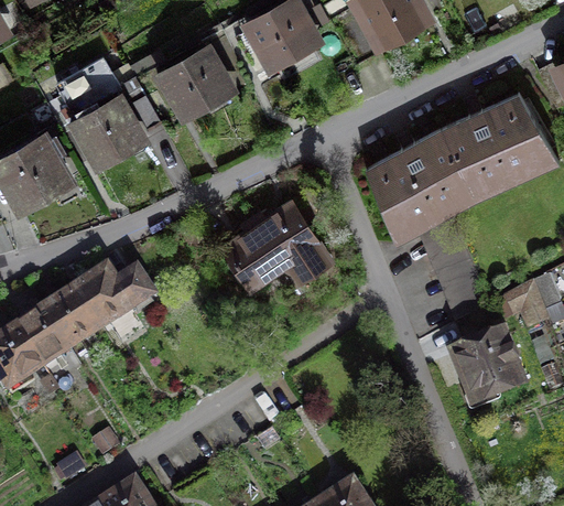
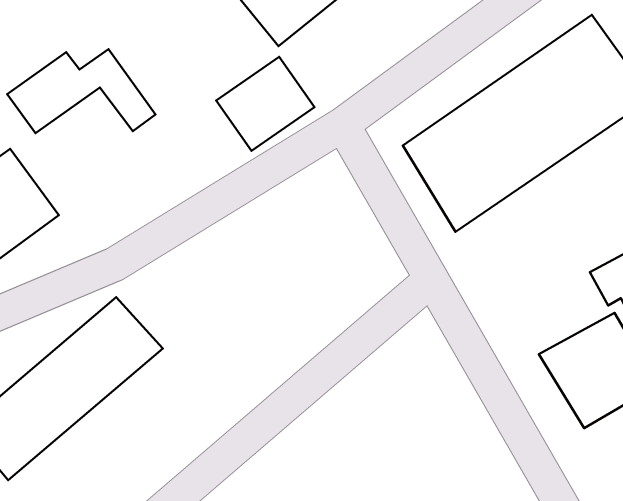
building: [158,47,236,120] -> [216,57,315,151]
building: [68,96,148,173] -> none
building: [225,202,327,303] -> none

